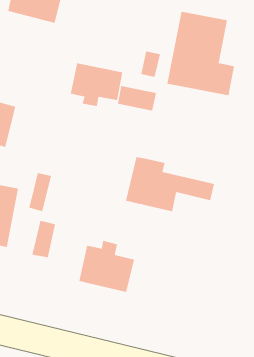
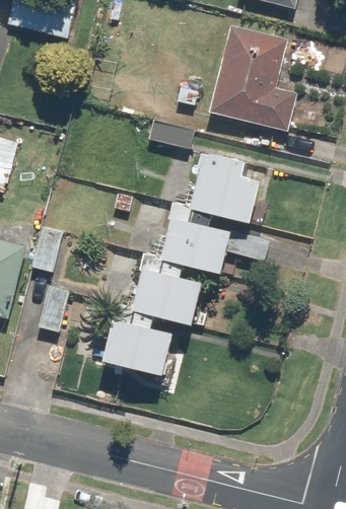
building: [70,62,123,107] -> none
building: none -> [187,153,258,223]
building: none -> [130,257,198,324]

